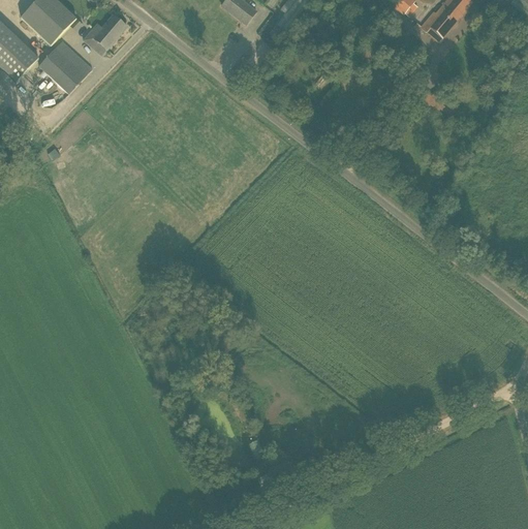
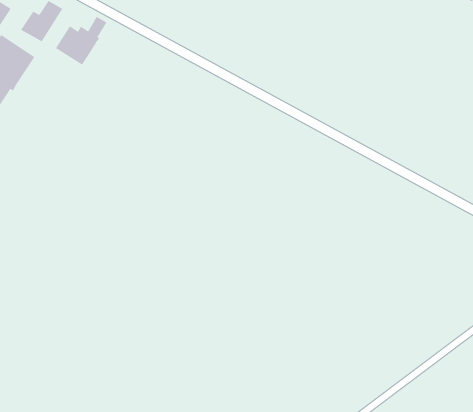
building: none -> [55,16,107,65]

